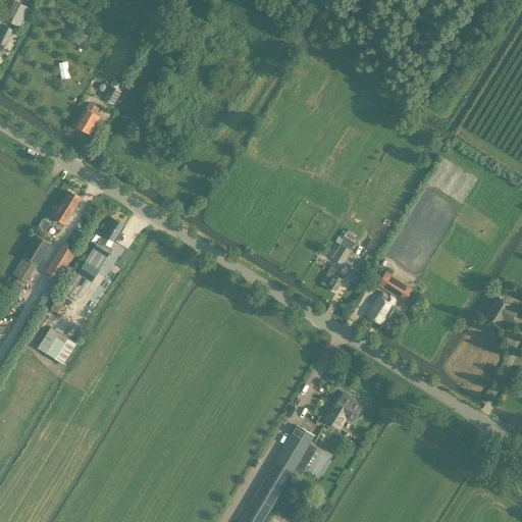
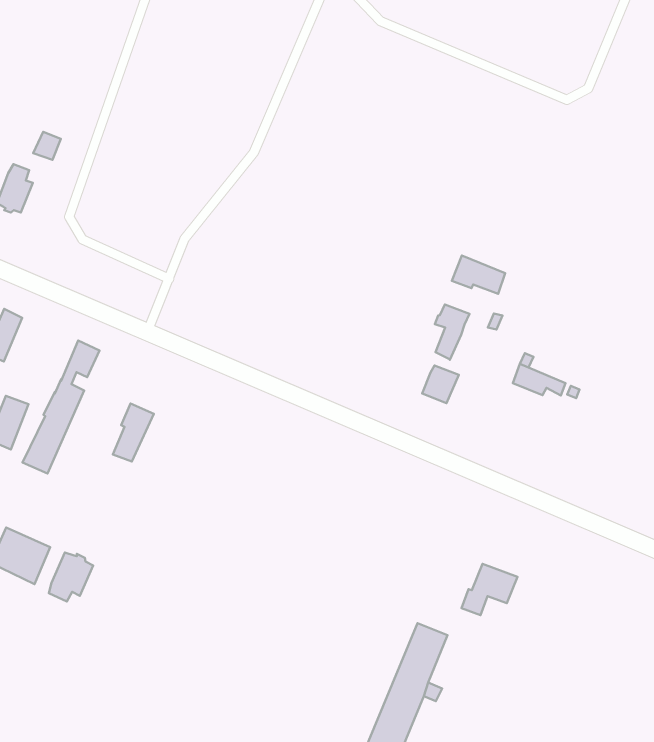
building: none -> [452,255,505,294]
building: none -> [113,404,154,462]
building: [366,291,397,324] -> none
building: none -> [49,553,93,602]

